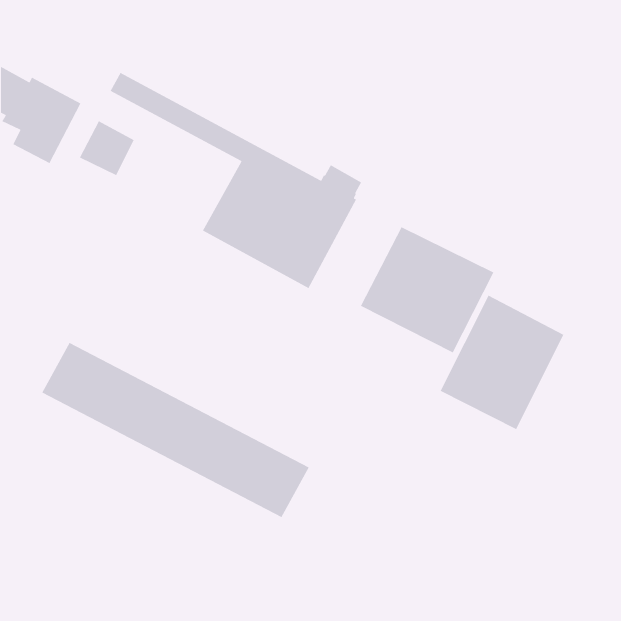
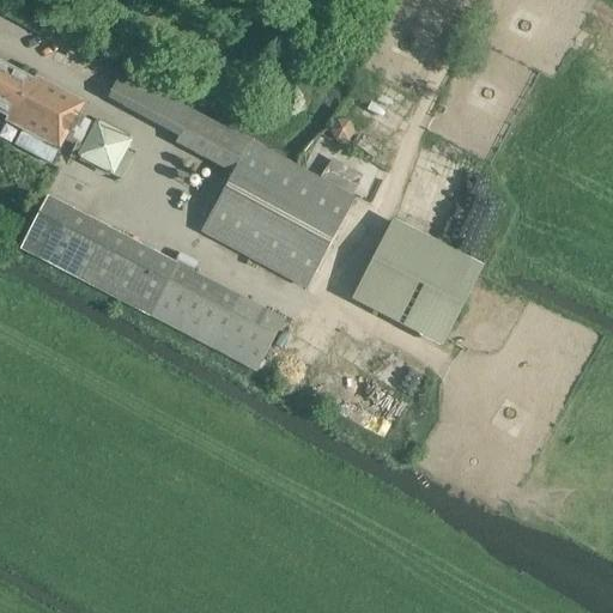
building: [439,294,565,430] -> none
building: [41,342,310,518] -> [18,195,283,369]

